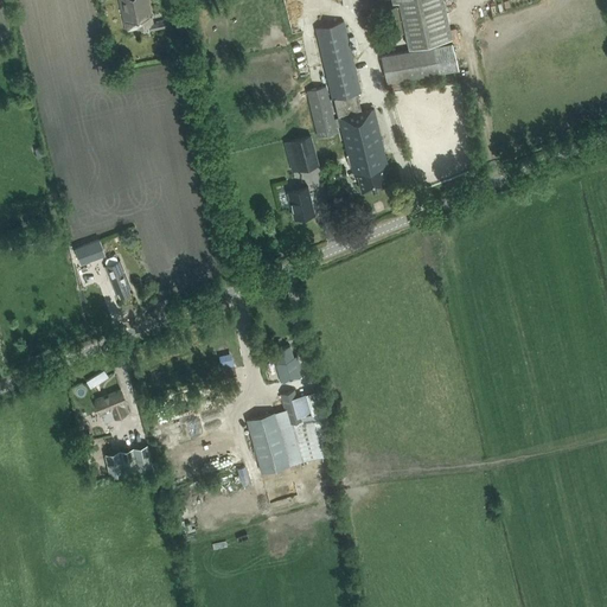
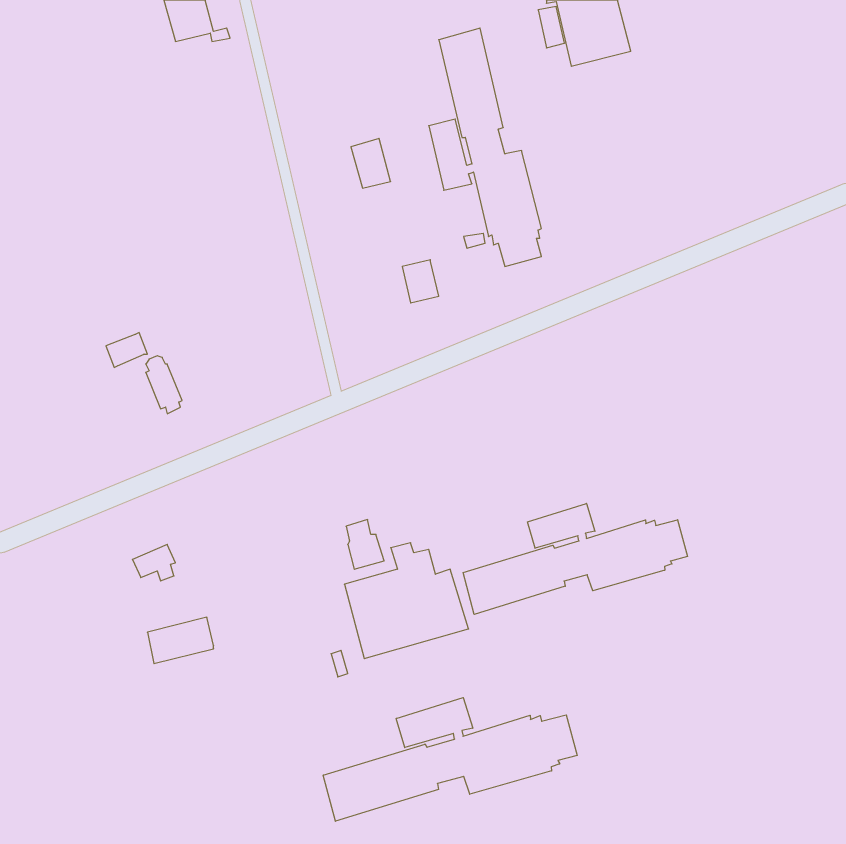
building: [381,43,456,91] -> none
building: [290,134,319,170] -> [351,138,391,188]
building: [275,346,302,382] -> [346,520,384,569]
building: none -> [463,503,687,614]
building: none -> [323,698,577,821]

